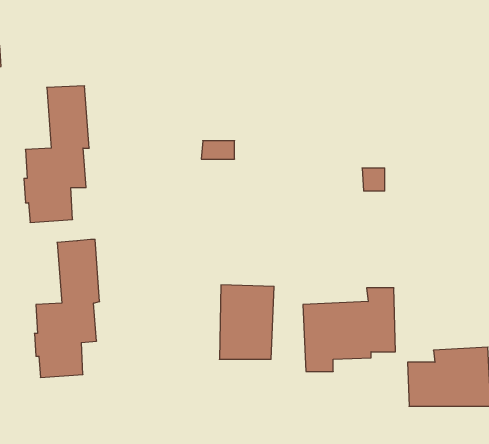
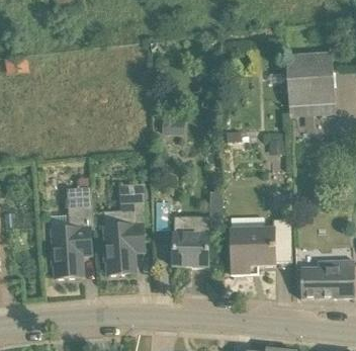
building: none -> [286,52,335,114]
building: [24,86,89,222] -> [103,183,147,274]

